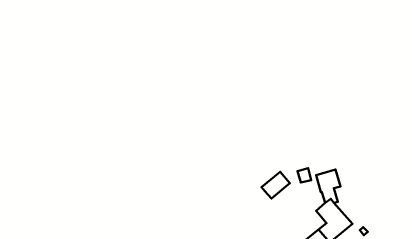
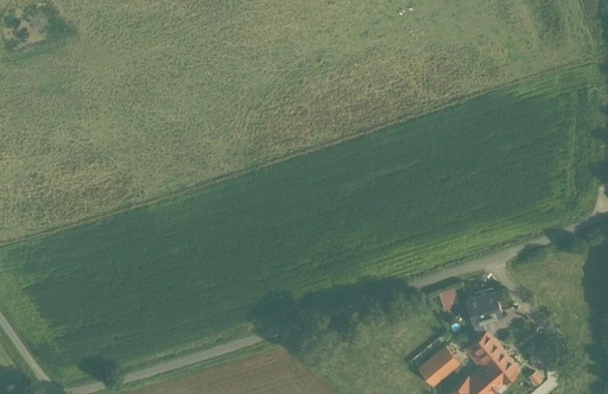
building: [262,172,290,199] -> [418,348,460,387]

